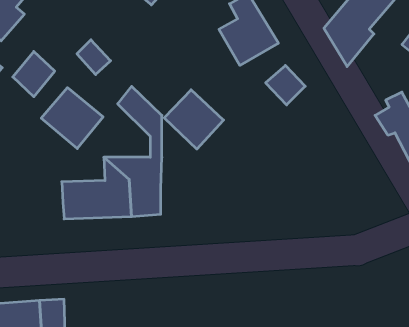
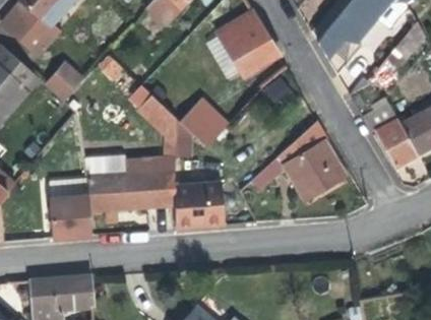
building: [41,88,103,149] -> none
building: none -> [254,122,346,202]
building: none -> [174,183,225,230]
building: none -> [50,195,91,239]

